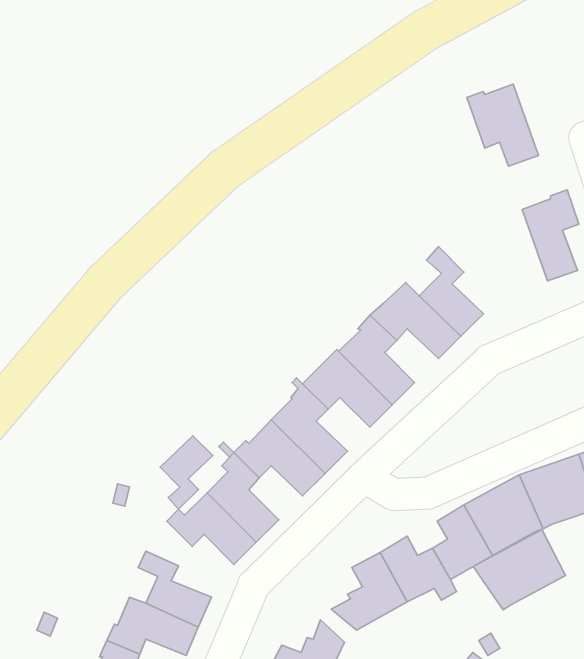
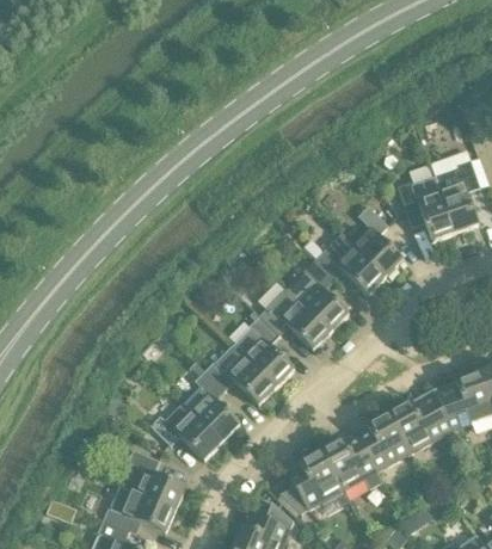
building: [467,84,538,166] -> [398,175,455,241]
building: [160,436,213,509] -> none
building: [473,529,566,610] -> none

